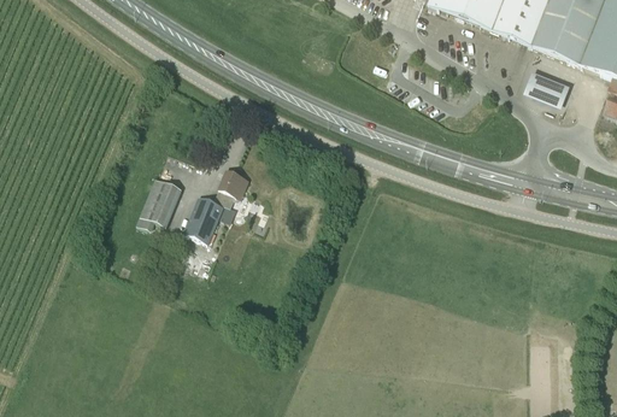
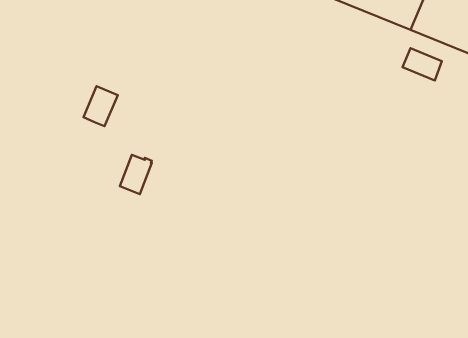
building: [213,169,245,206] -> none
building: [140,177,181,225] -> [84,86,118,126]

